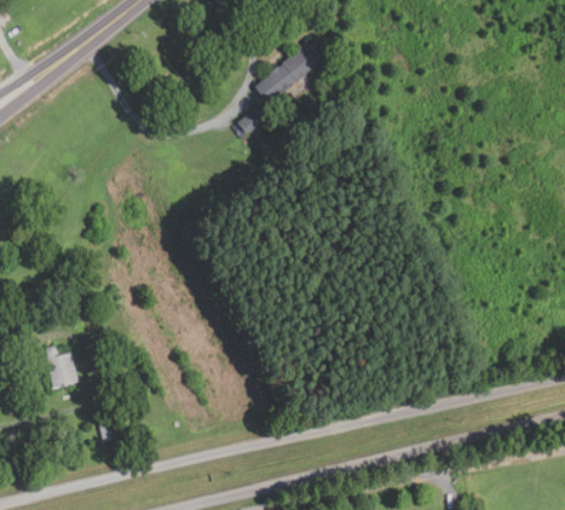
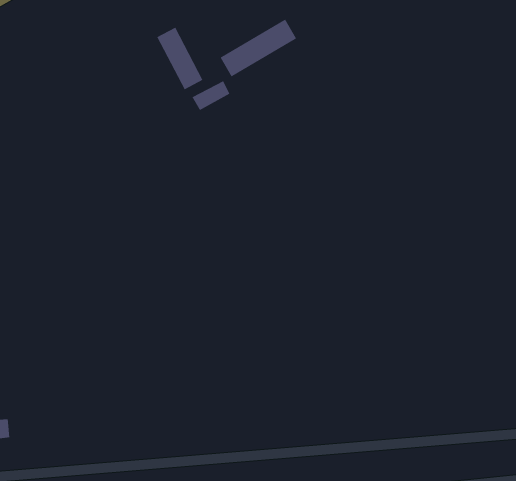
building: none -> [157,27,203,90]

